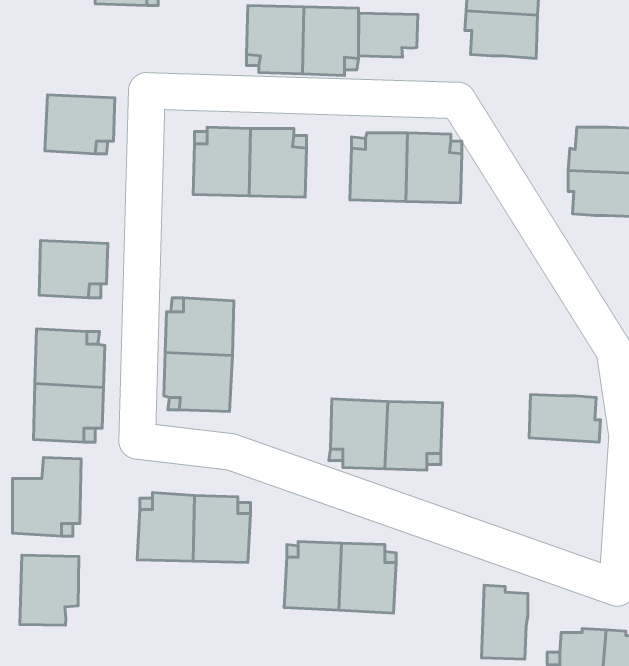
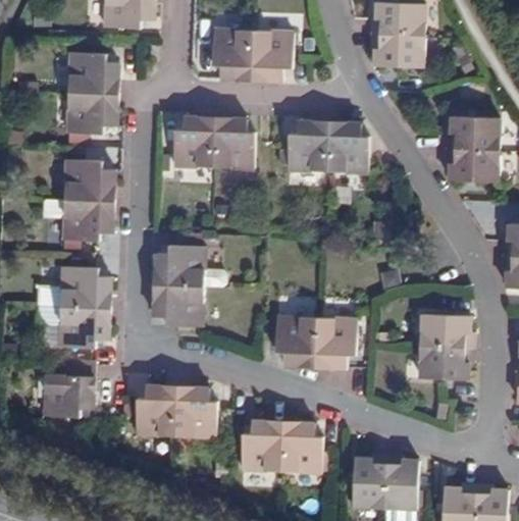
building: [358,13,418,57] -> none
building: none -> [68,55,118,97]
building: none -> [63,160,113,203]
building: none -> [418,345,470,379]
building: [20,555,79,625] -> none
building: none -> [353,452,386,505]

